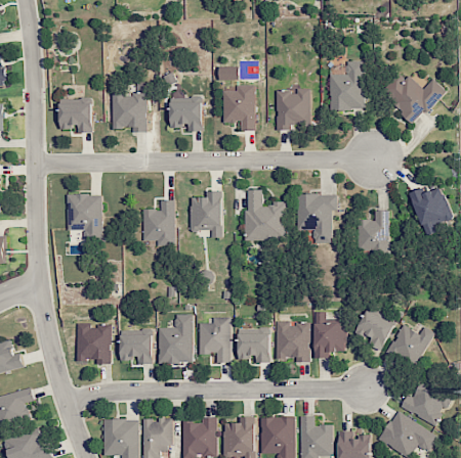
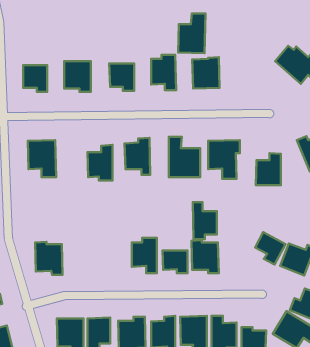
building: [329,60,364,110] -> [178,14,205,53]
building: [313,311,344,358] -> [193,202,217,239]
building: [158,314,193,363] -> none
building: [121,329,152,363] -> none

